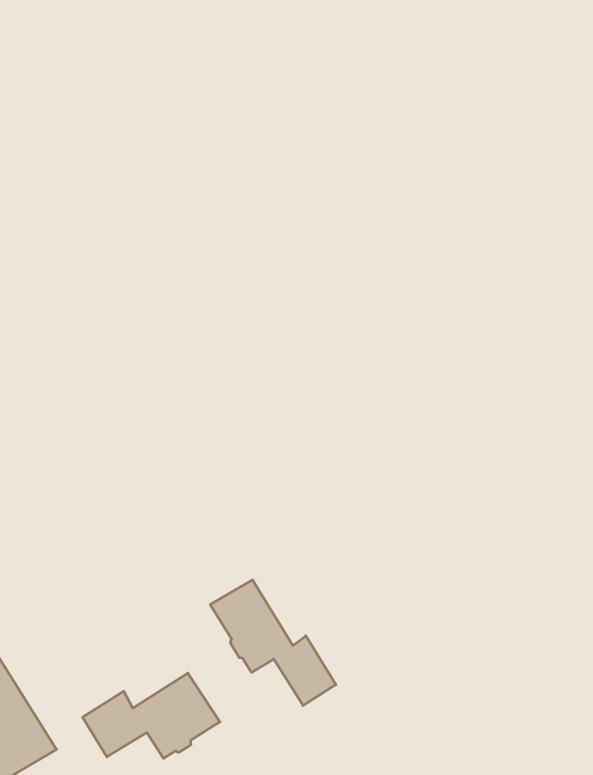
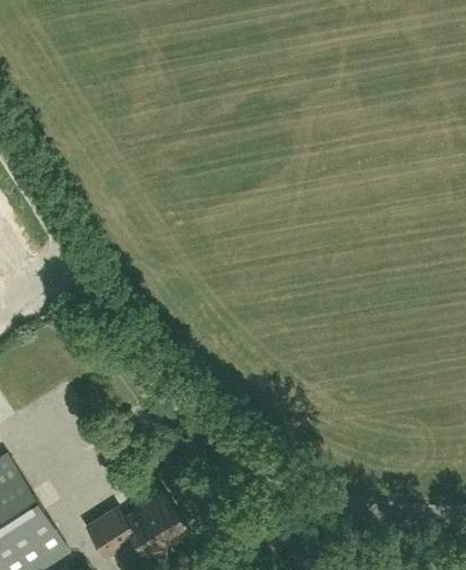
building: [210,580,336,706] -> none

